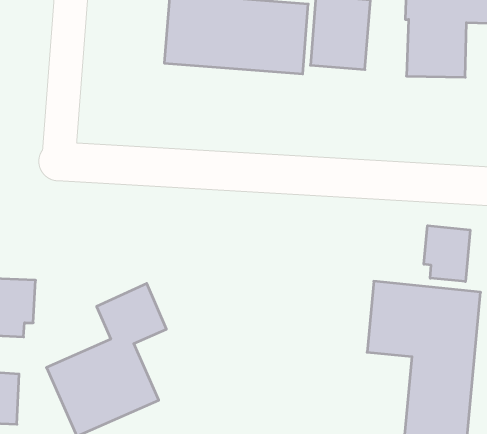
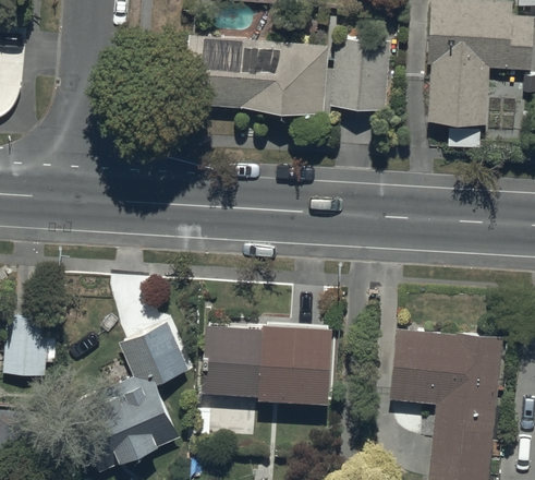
building: [424,226,470,282] -> none
building: none -> [202,329,332,409]

